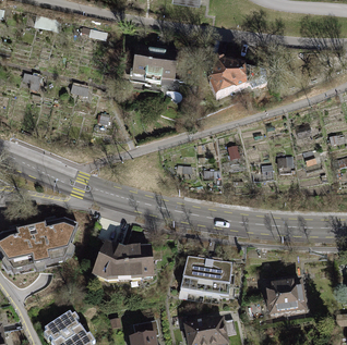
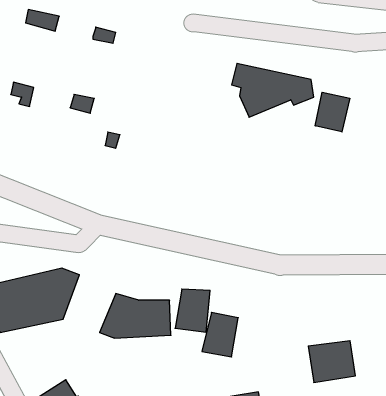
building: [132,44,179,79] -> none
building: none -> [315,92,350,132]
building: [202,261,230,296] -> [175,289,210,332]

